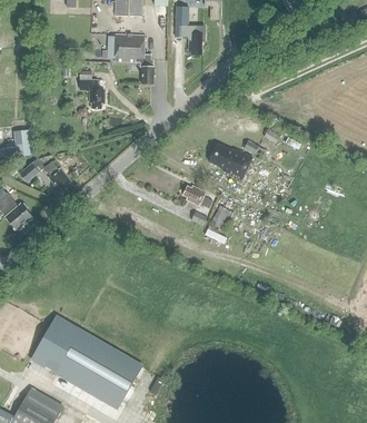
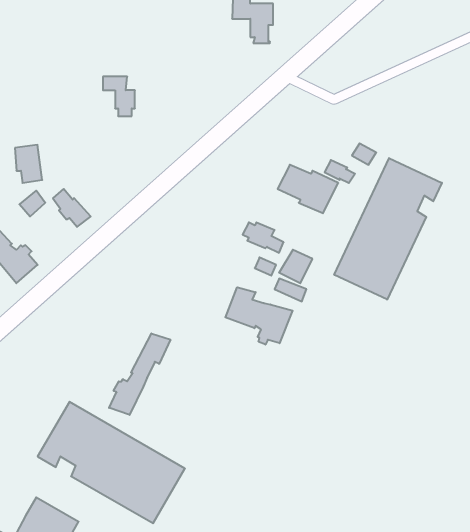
building: [115,33,153,82] -> none
building: none -> [334,158,442,300]
building: none -> [225,287,293,345]
building: none -> [109,333,170,415]

